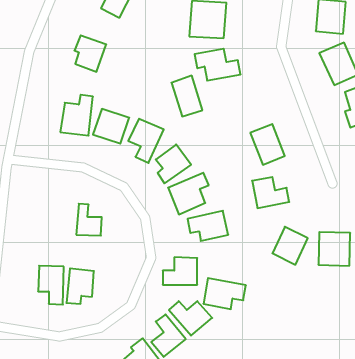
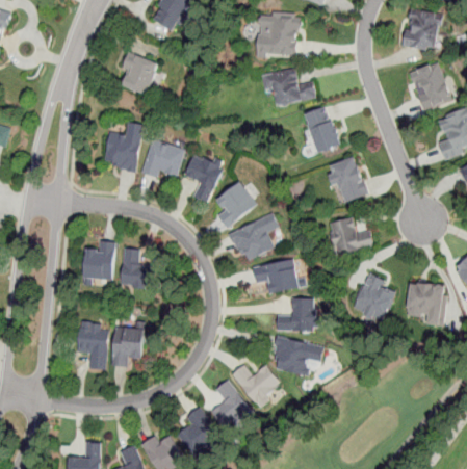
building: [171,76,202,116] -> [304,105,340,153]
building: none -> [82,239,114,284]
building: [163,257,197,285] -> [277,297,317,330]

